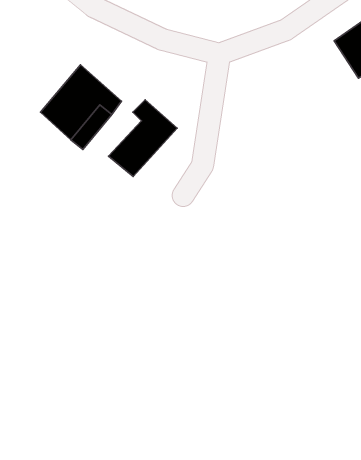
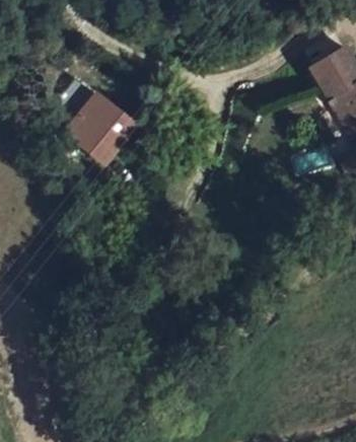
building: [109,100,177,177] -> none

